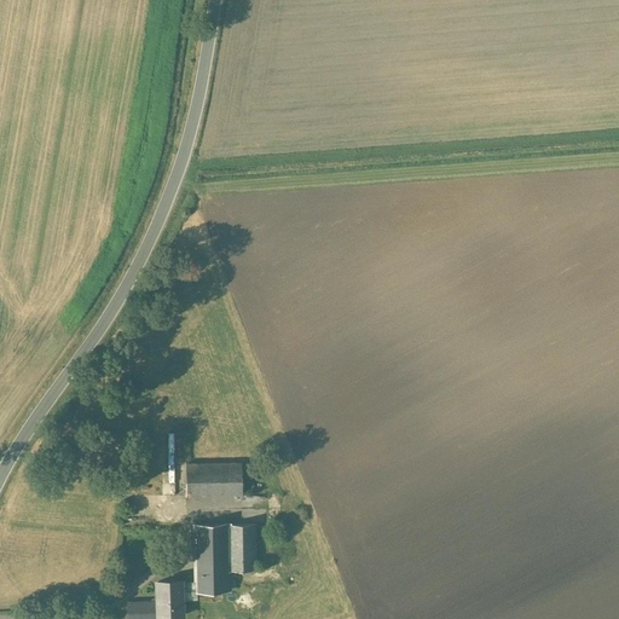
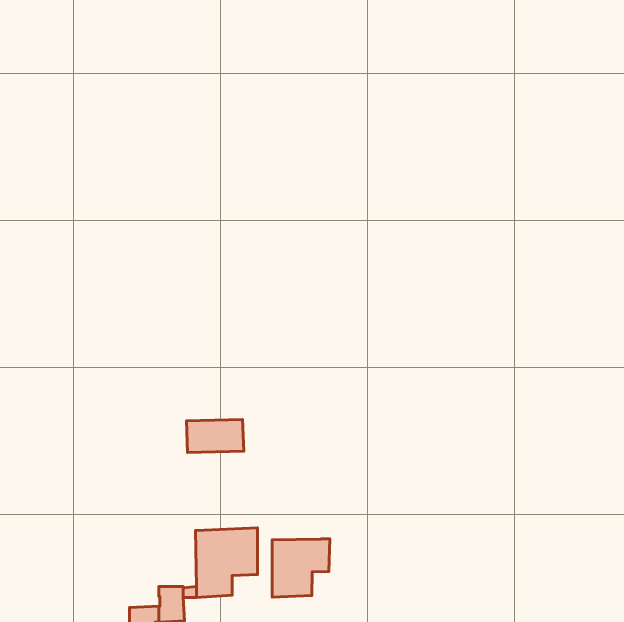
building: [185,464,242,497] -> [186,420,244,453]
building: none -> [272,539,330,597]

